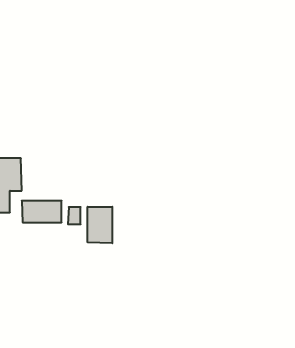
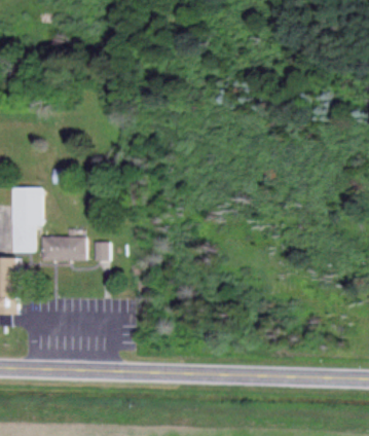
building: [88,207,112,243] -> none

